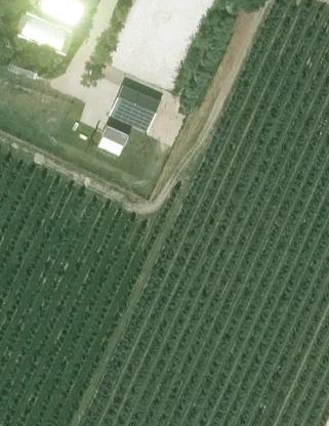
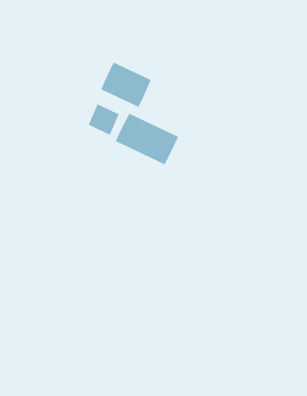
building: none -> [115,113,179,165]

